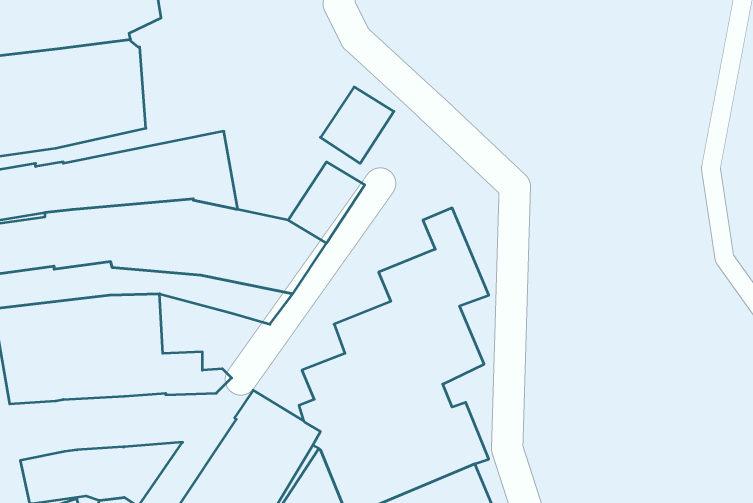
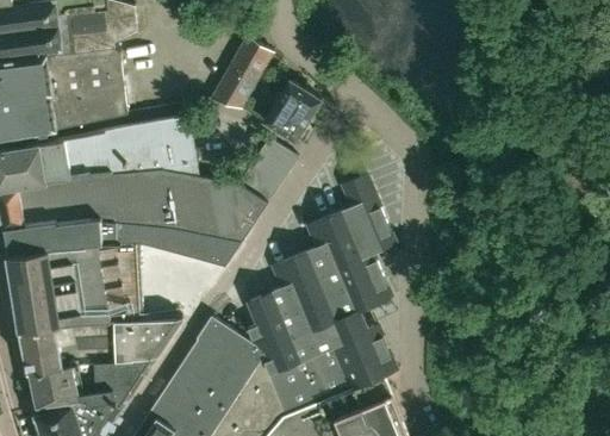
building: none -> [210,38,270,110]
building: none -> [19,322,180,374]

